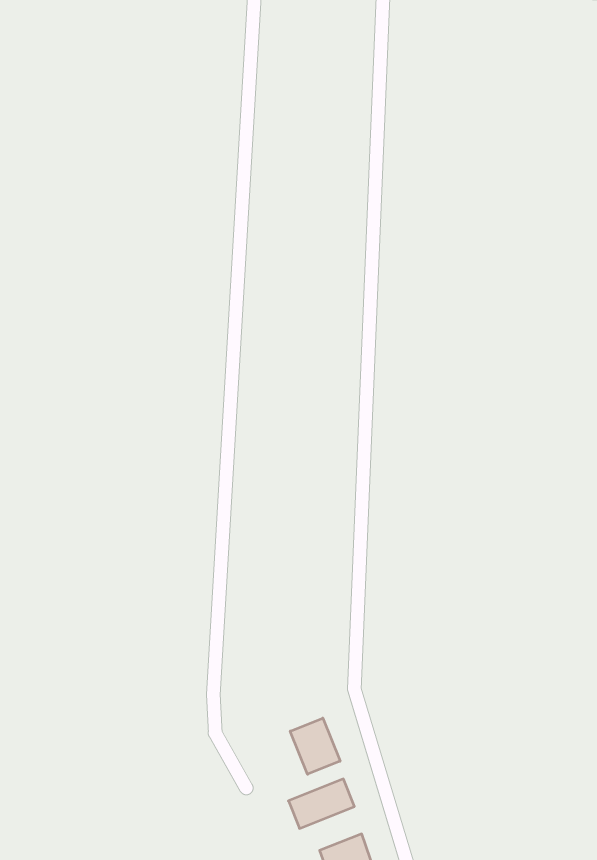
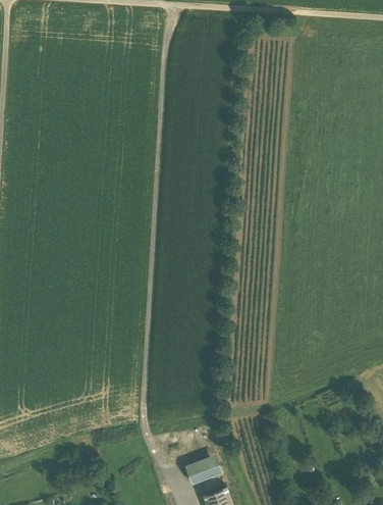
building: [290,718,340,774] -> none

